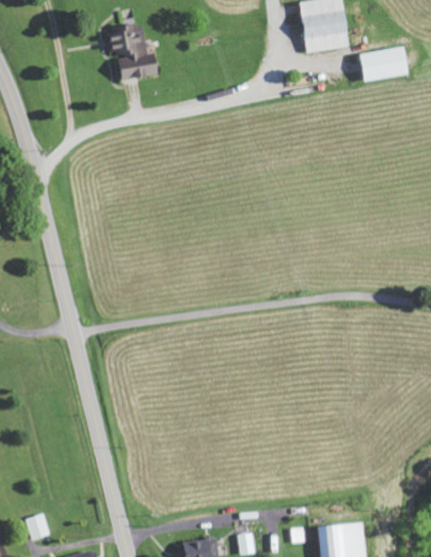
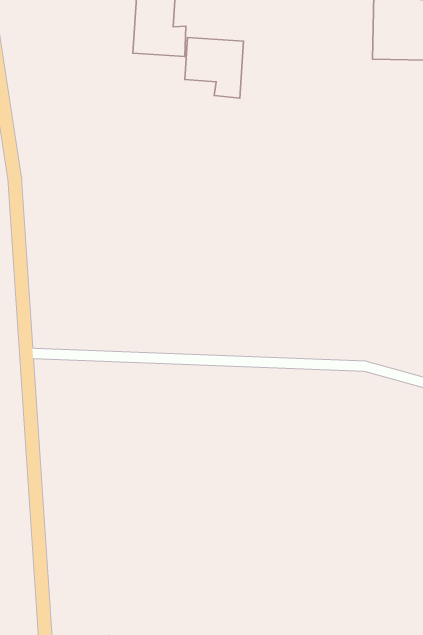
building: none -> [185,38,243,98]

